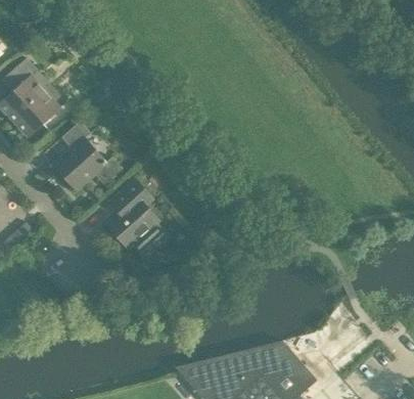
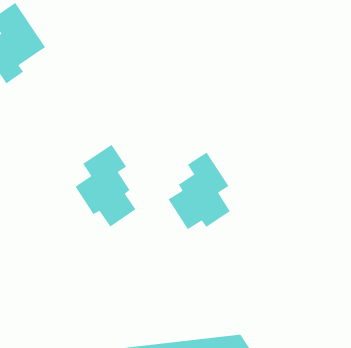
building: [52,122,121,191] -> none
building: none -> [168,152,231,230]

